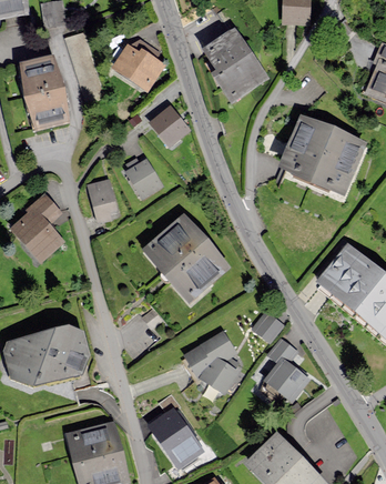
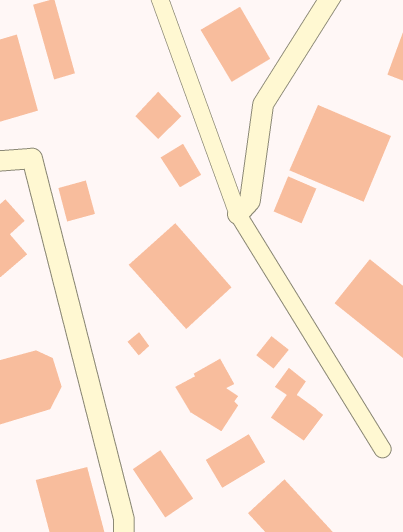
building: [112,43,163,93] -> none
building: [124,157,160,194] -> [160,143,202,188]
building: none -> [273,176,317,224]
building: none -> [205,433,266,489]

